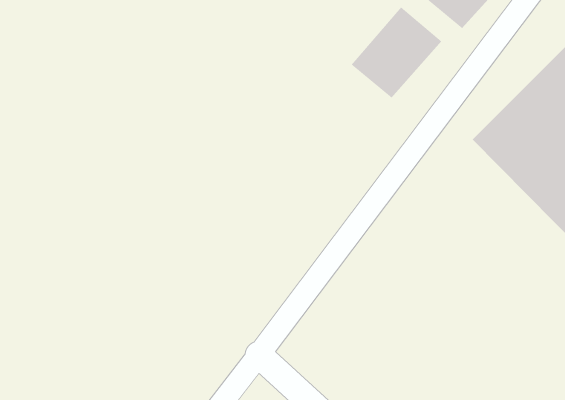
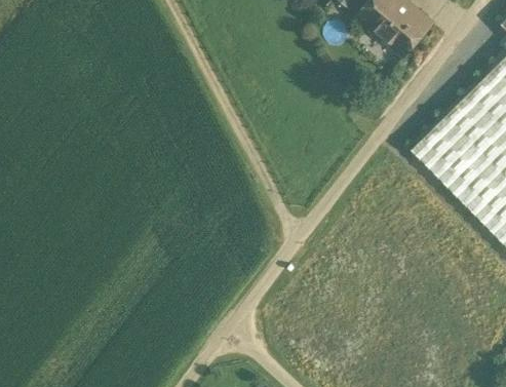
building: [351,7,442,98] -> none

